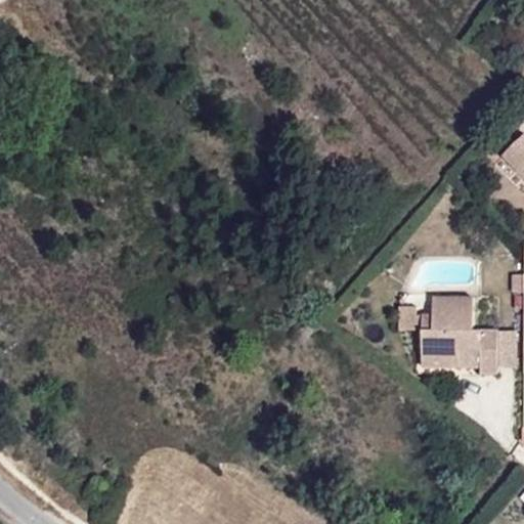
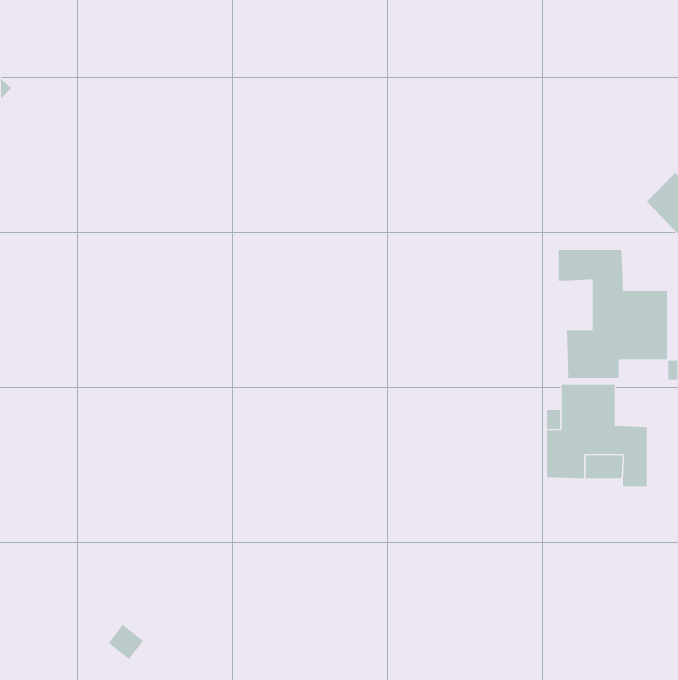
building: none -> [558,249,667,379]

